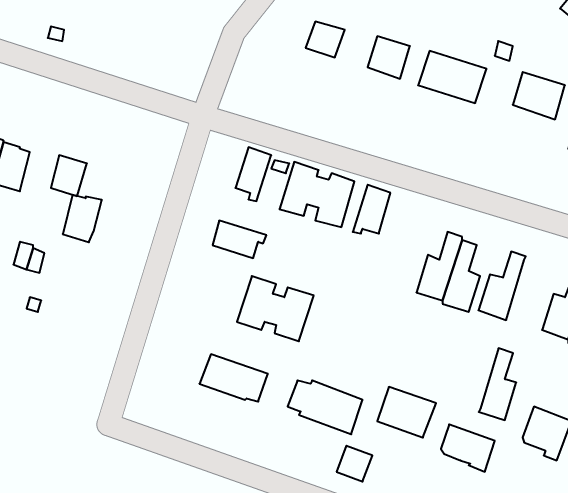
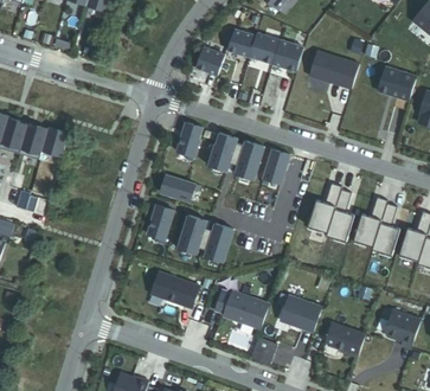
building: none -> [249,32,280,63]
building: none -> [195,46,225,75]
building: [63,195,102,242] -> [20,124,49,159]
building: none -> [147,204,173,243]
building: [479,348,516,420] -> [372,203,399,255]

